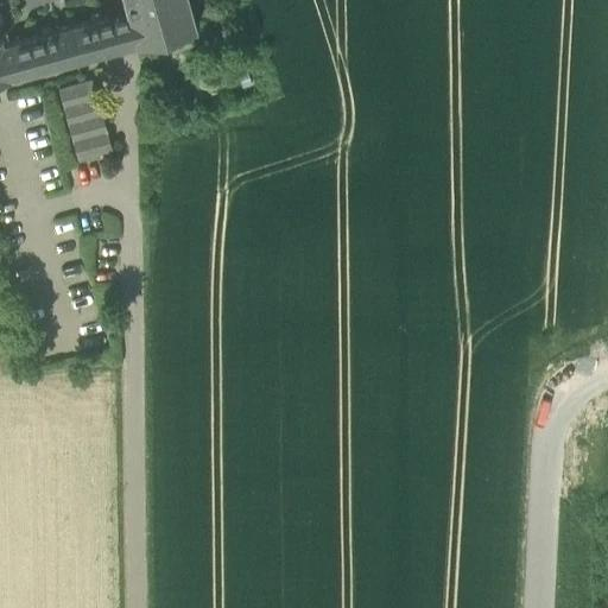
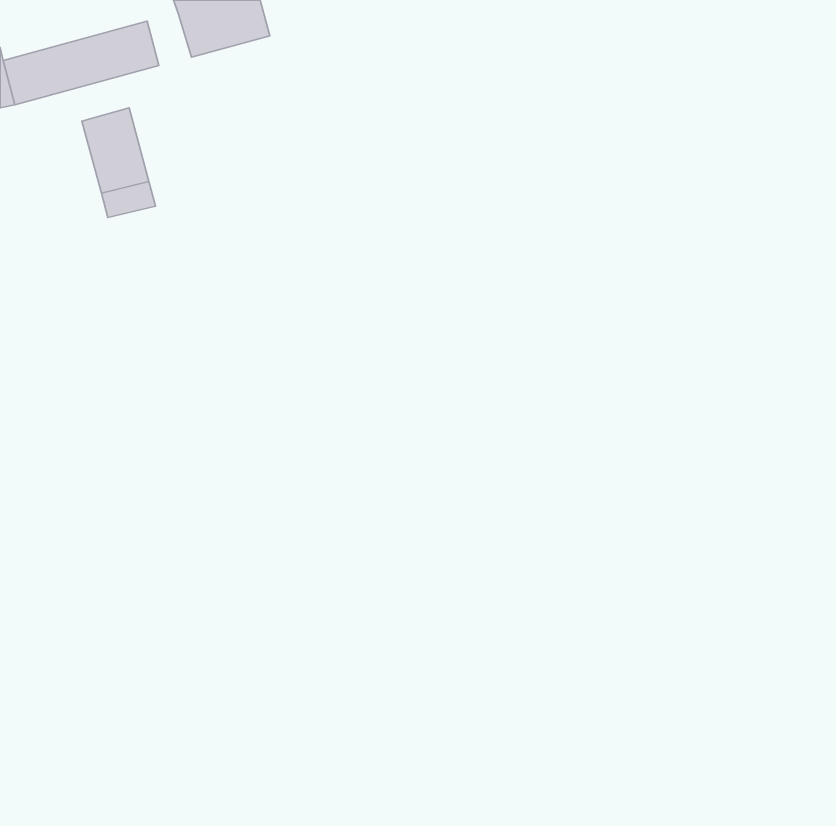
building: [107,17,139,55] -> none

